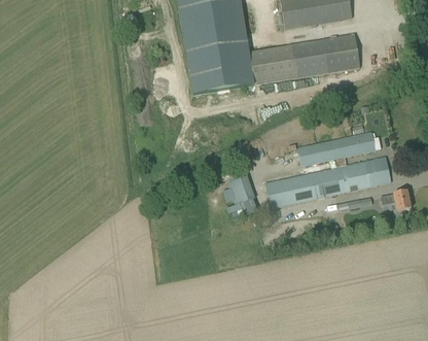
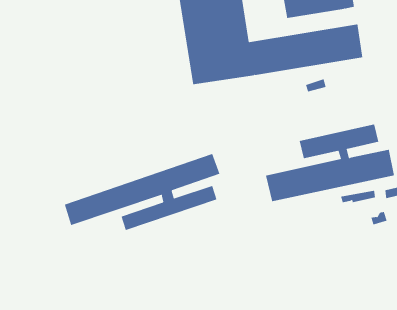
building: none -> [64,153,220,231]
building: [223,168,256,215] -> none

